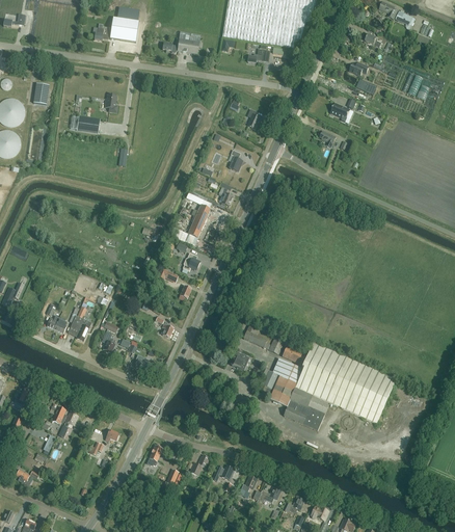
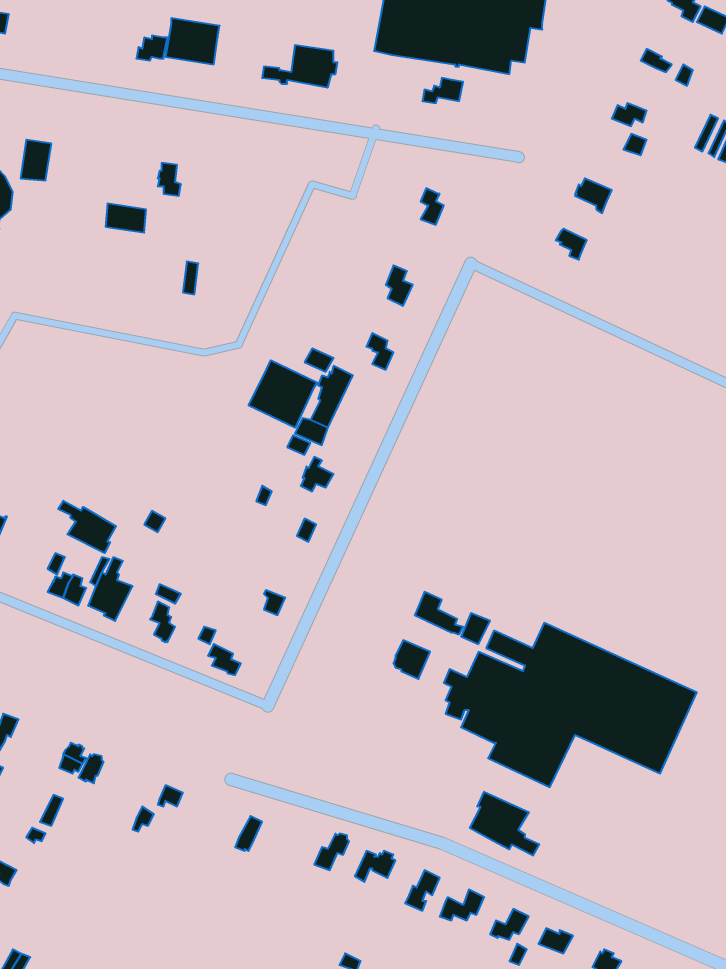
building: none -> [249,360,317,428]
building: none -> [58,501,116,553]
building: none -> [470,792,539,856]

